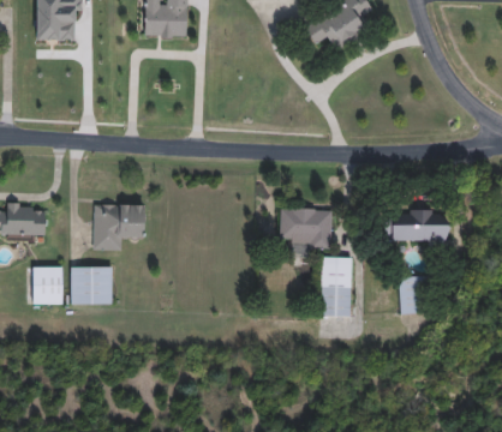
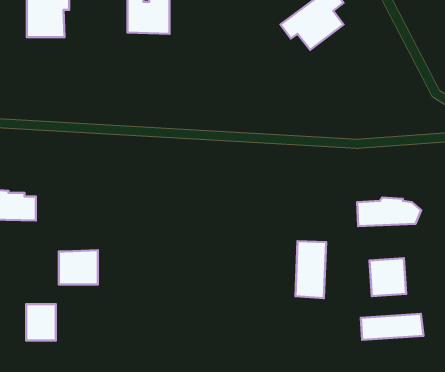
building: [92,204,144,252] -> none
building: [279,206,333,259] -> none
building: [31,266,62,305] -> [26,304,56,341]
building: none -> [361,314,424,340]

